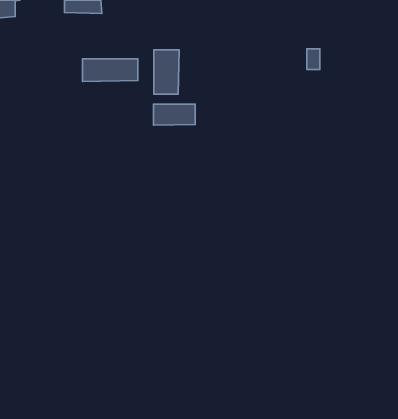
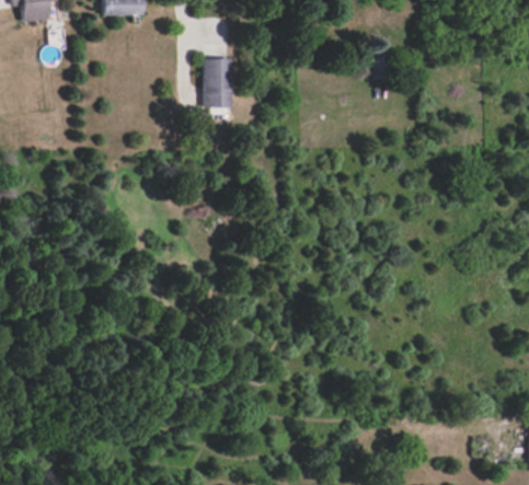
building: [82,59,138,81] -> none
building: [153,104,195,125] -> none

